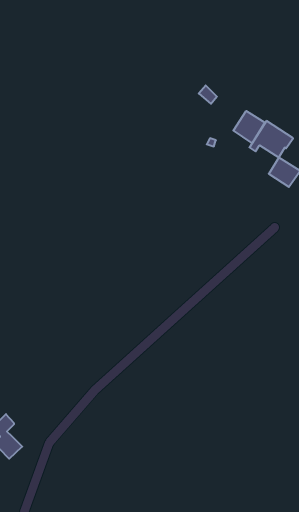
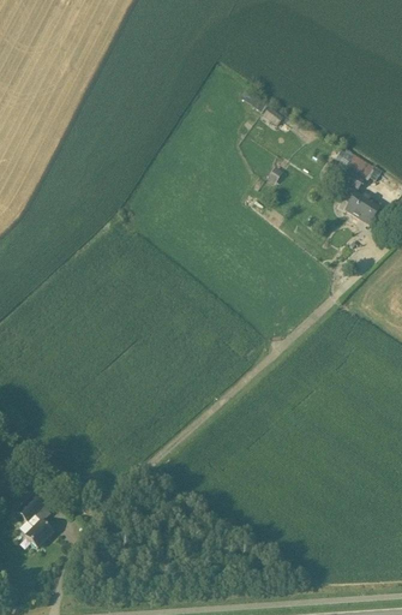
building: [233,111,265,143] -> none

